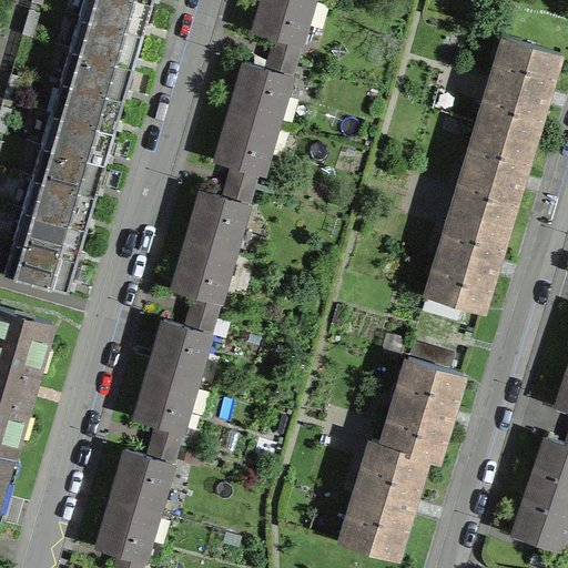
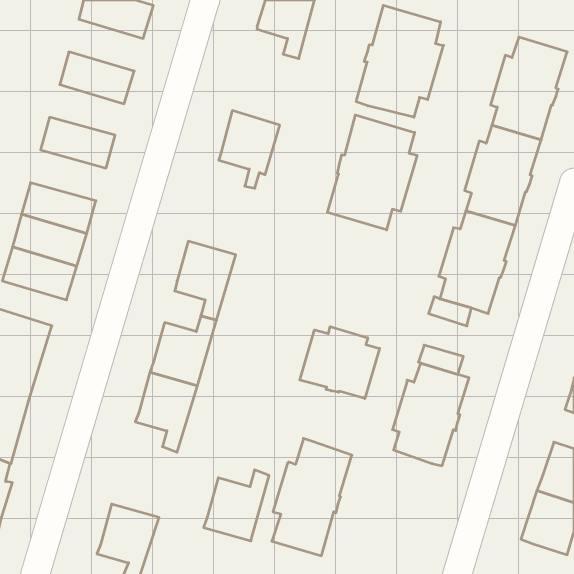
building: none -> [356,5,444,117]
building: [68,21,141,72] -> none
building: [229,55,294,125] -> none
building: [49,85,122,135] -> none
building: none -> [327,115,417,230]
building: [30,150,104,200] -> none
building: [185,183,251,253] -> none
building: none -> [300,327,380,399]
building: [110,442,174,511] -> [204,470,269,541]
building: [346,442,425,557] -> [272,438,352,556]

